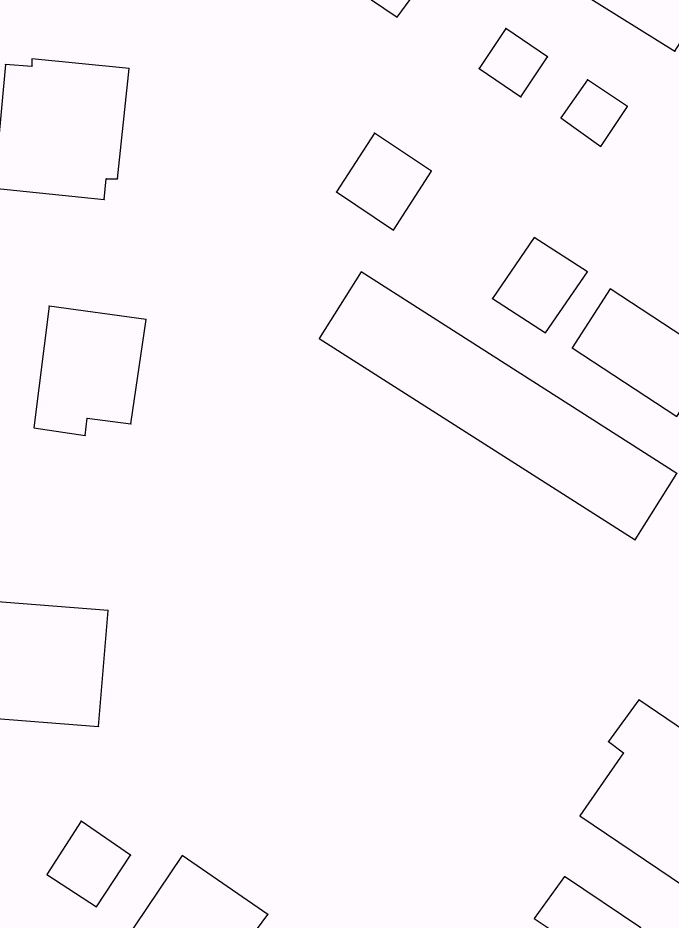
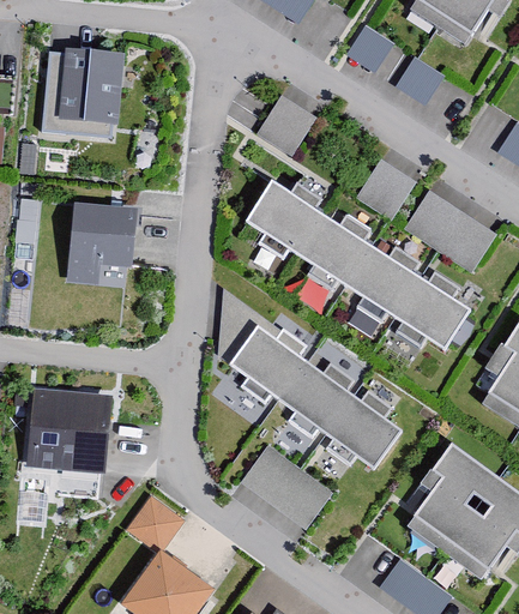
building: none -> [231,326,403,466]
building: none -> [240,443,332,526]
building: [47,821,131,907] -> [128,495,181,549]

